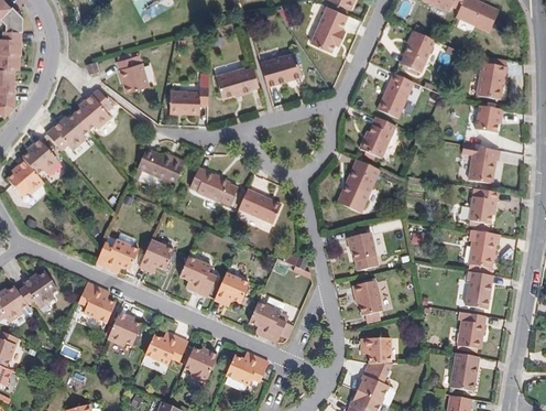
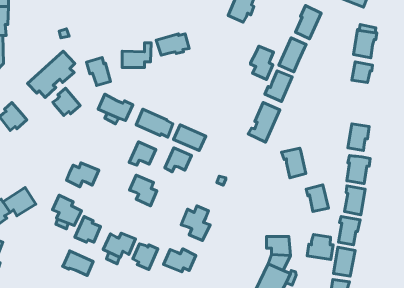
building: [262,53,302,86] -> none
building: [118,54,150,91] -> [87,57,111,85]
building: none -> [250,46,274,80]
building: [23,138,59,174] -> [53,88,80,116]
building: [469,145,501,183] -> none
building: [347,231,379,271] -> [282,148,306,178]
building: [140,239,175,270] -> [129,142,156,165]
building: [215,272,250,304] -> [165,148,191,172]
building: [353,280,383,315] -> [306,185,329,211]
building: none -> [307,234,333,259]
building: none -> [63,251,93,276]

